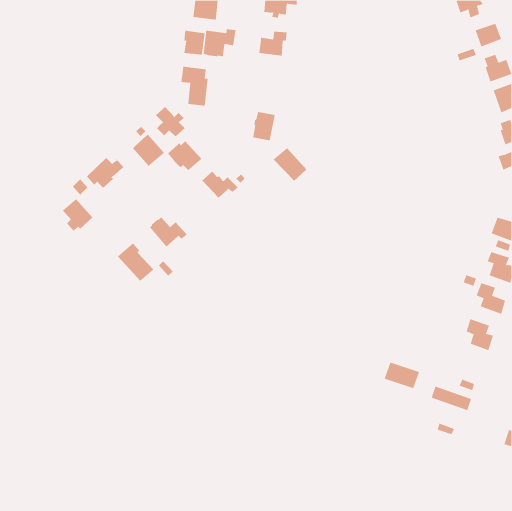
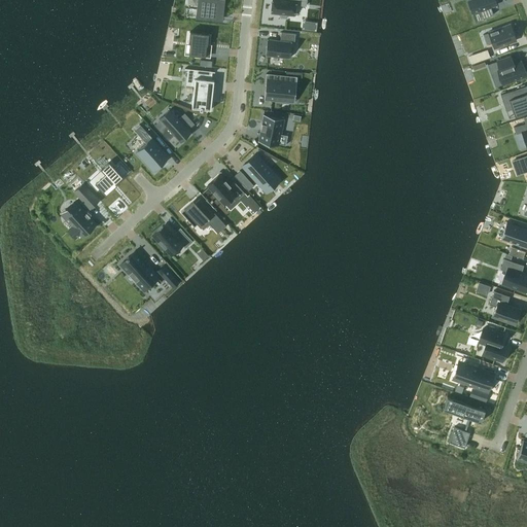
building: [203,29,236,57] -> none
building: none -> [264,74,297,104]
building: [167,141,202,171] -> [181,199,217,230]
building: [273,148,307,182] -> [242,154,277,189]
building: [384,362,420,389] -> [457,363,494,391]

